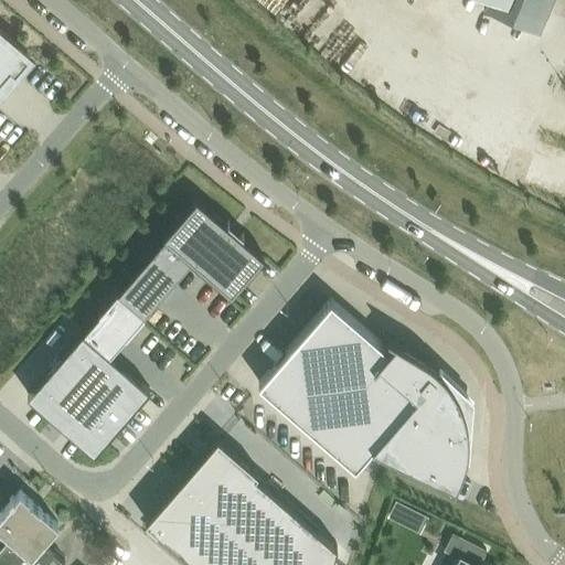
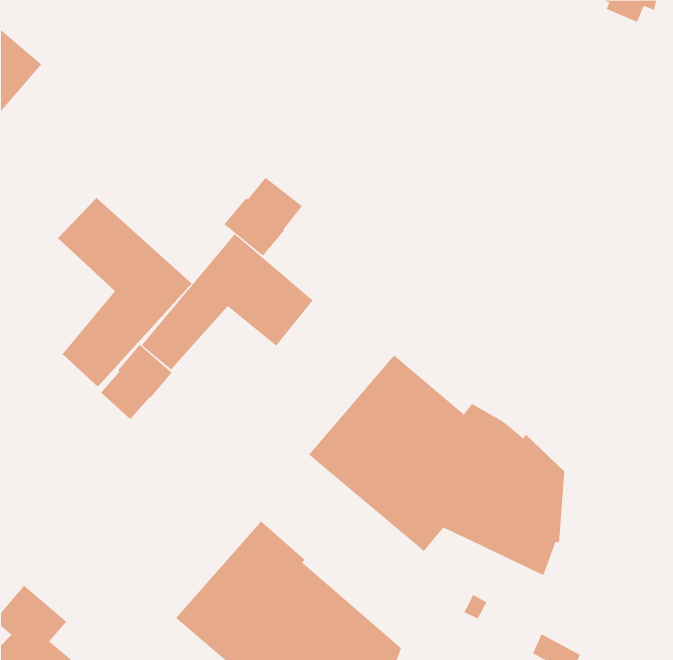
building: none -> [224,177,303,256]
building: none -> [57,197,192,387]
building: [20,340,142,462] -> none

